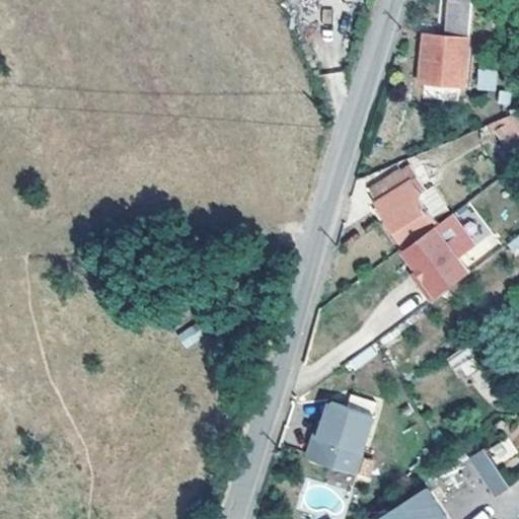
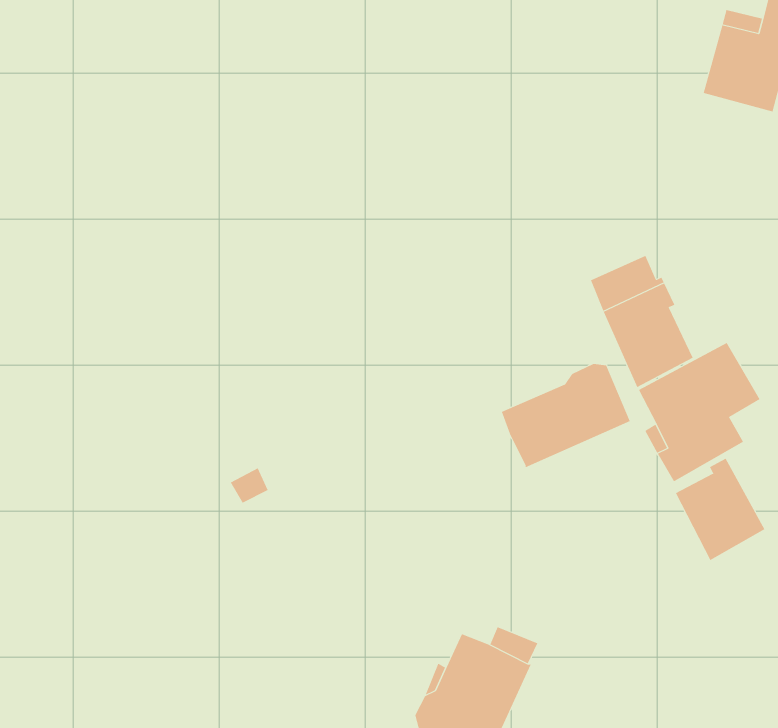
building: none -> [501,363,631,468]
building: none -> [675,458,765,561]

